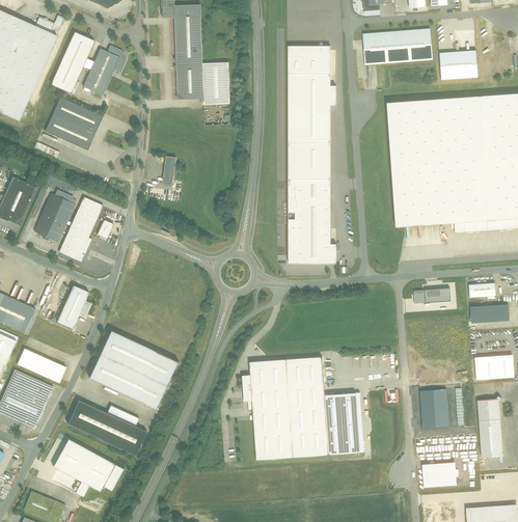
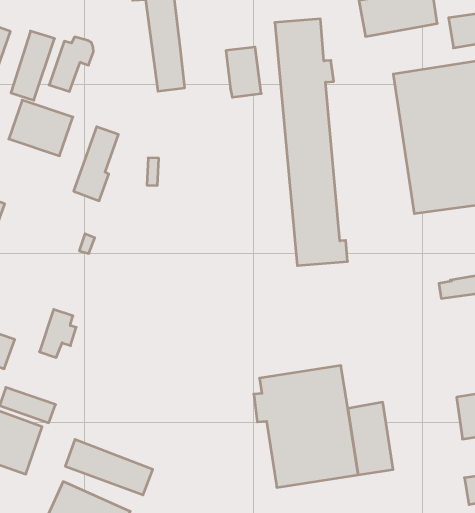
building: [202,63,230,106] -> [226,47,261,97]
building: [34,194,75,242] -> none
building: [59,196,103,262] -> [74,127,118,201]
building: [89,334,178,409] -> none

